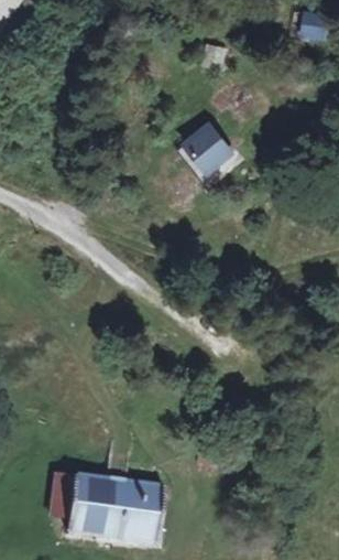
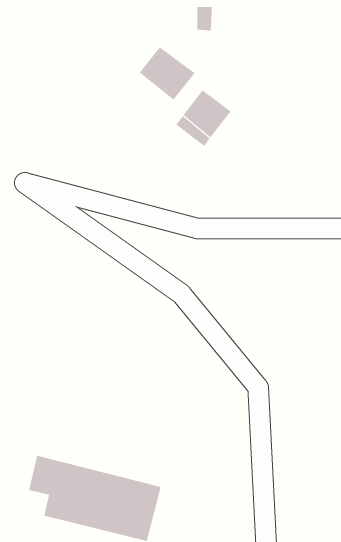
building: none -> [139,46,195,101]

